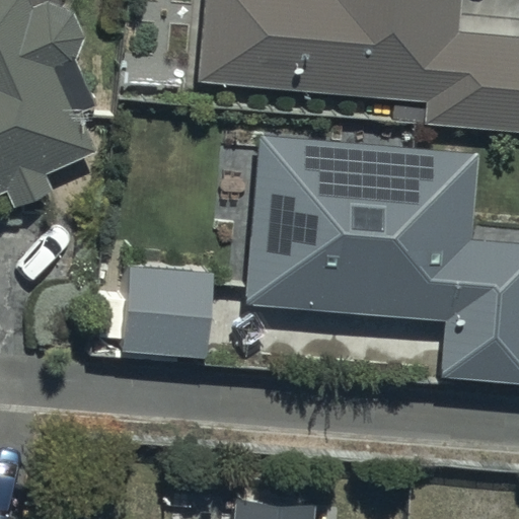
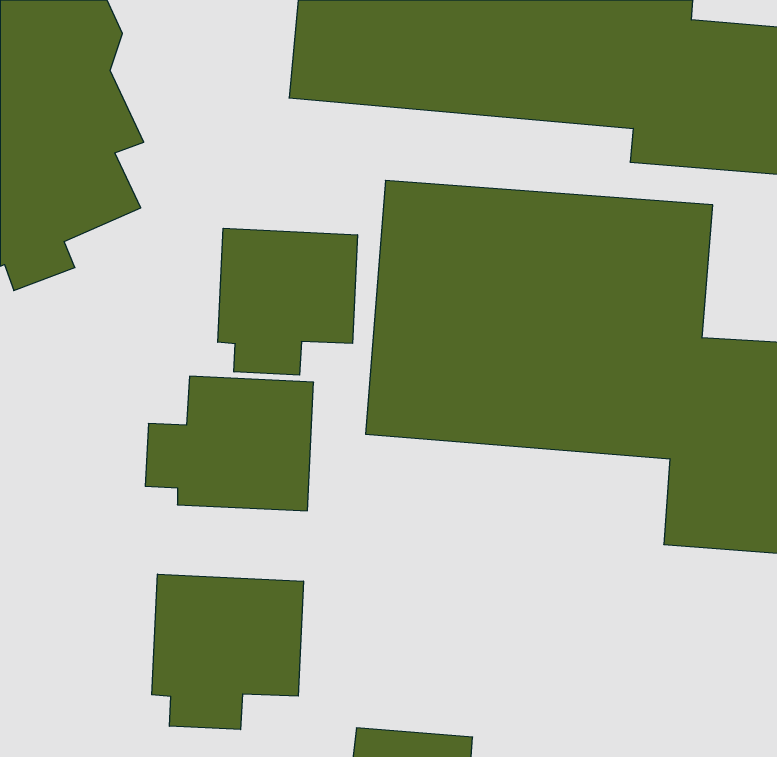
building: none -> [218,228,357,375]
building: none -> [152,574,303,730]

